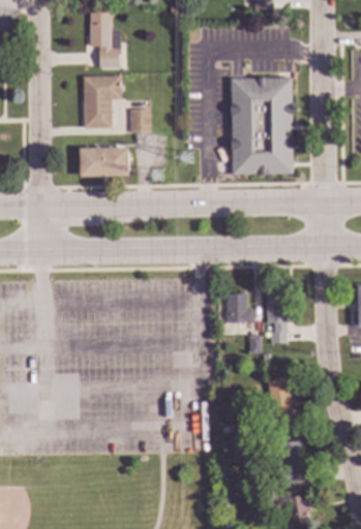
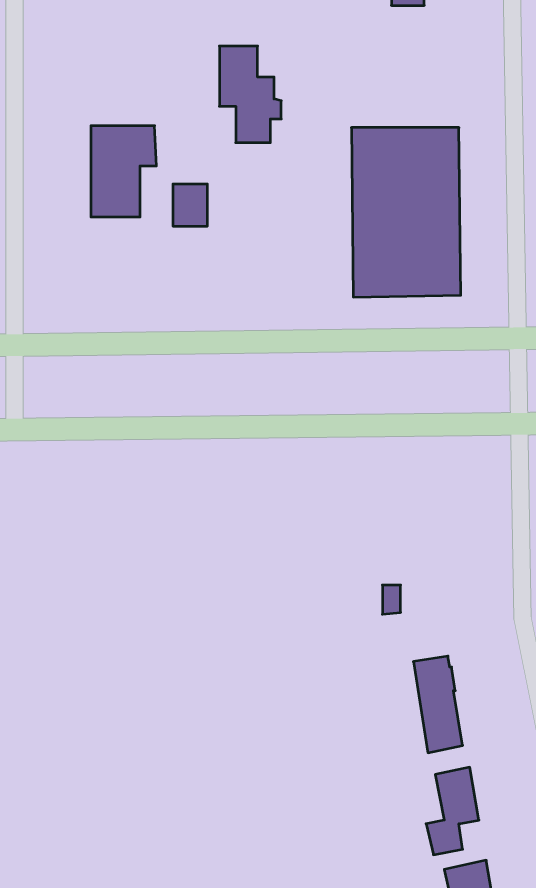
building: [89,12,124,67] -> [219,46,281,143]
building: [79,148,128,177] -> none
building: [266,286,287,343] -> none
building: [225,291,252,323] -> none

